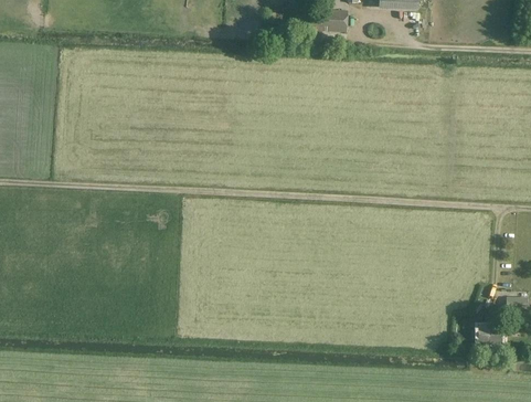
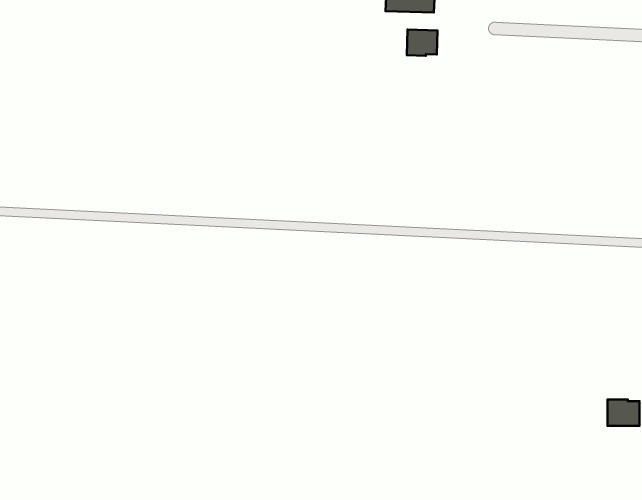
building: none -> [407,30,438,56]

